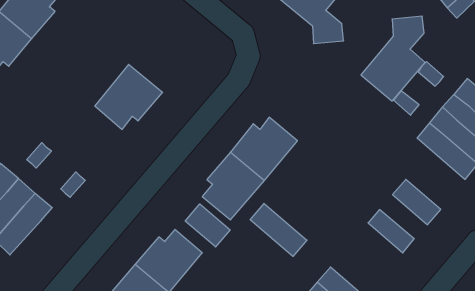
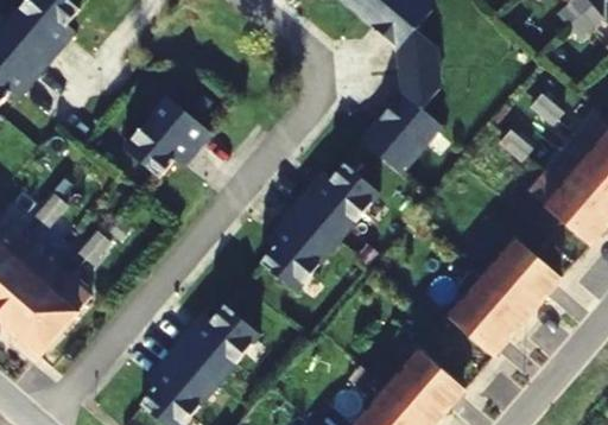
building: [361,16,425,101] -> [361,66,442,173]
building: none -> [483,260,544,316]
building: [250,203,307,256] -> none
building: [185,204,230,247] -> none
building: none -> [18,277,93,355]
building: none -> [452,296,513,354]

